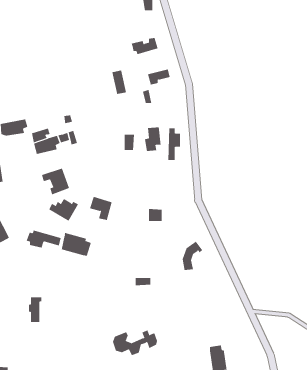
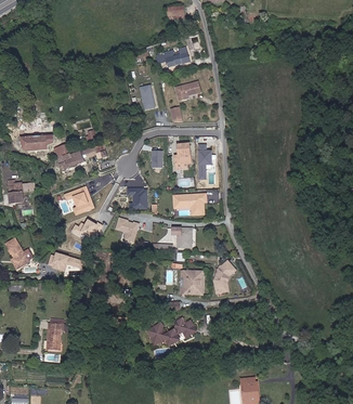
building: none -> [127,186,146,210]
building: none -> [172,196,205,213]
building: [61,232,92,256] -> none
building: none -> [183,271,202,297]
building: [112,330,158,356] -> [144,318,193,347]

